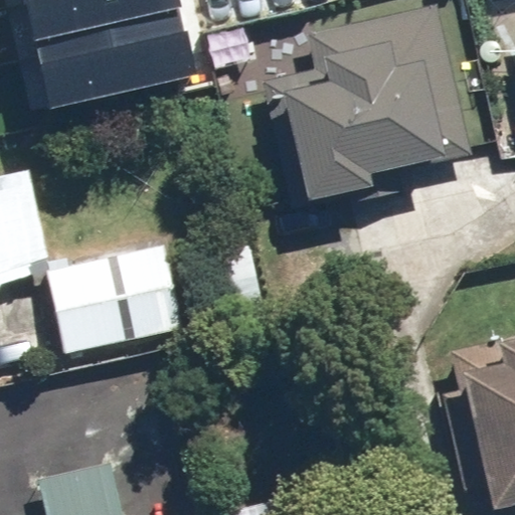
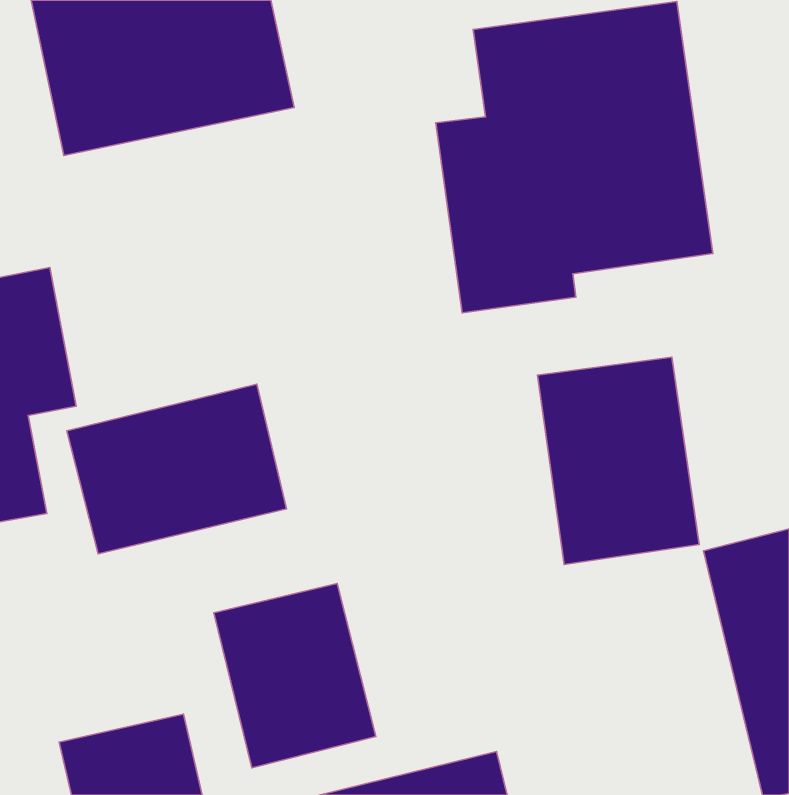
building: none -> [538,357,699,564]
building: none -> [214,583,376,768]

